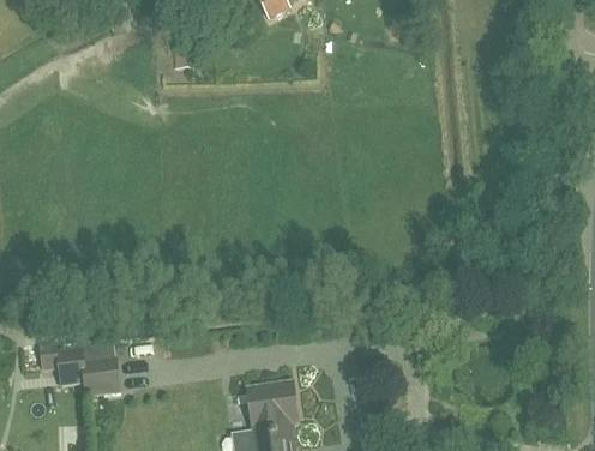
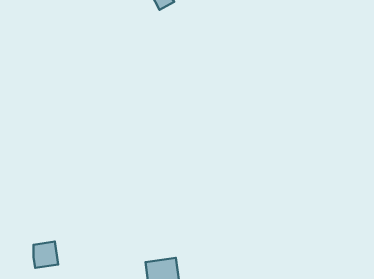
building: [56,344,84,381] -> none

